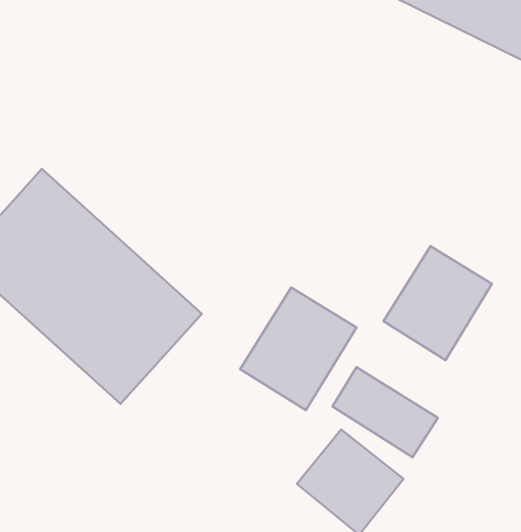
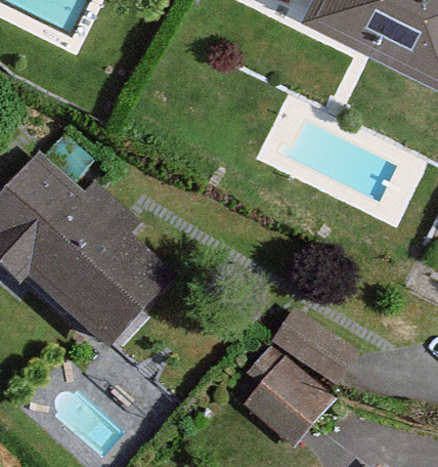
building: [384,246,492,360] -> none
building: [240,288,356,410] -> none

